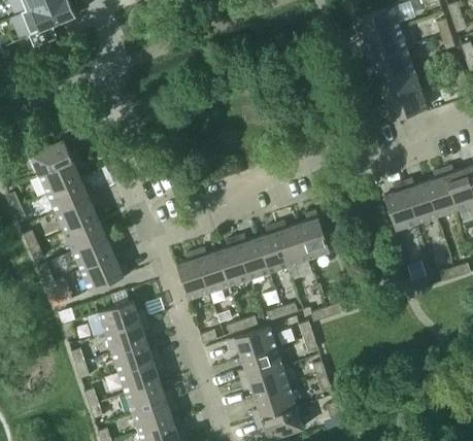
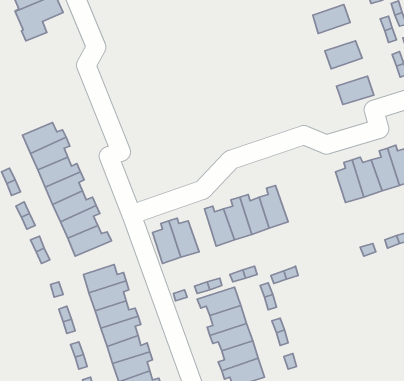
building: [364,27,406,59] -> none
building: [378,67,419,99] -> none
building: [216,238,248,286] -> none

